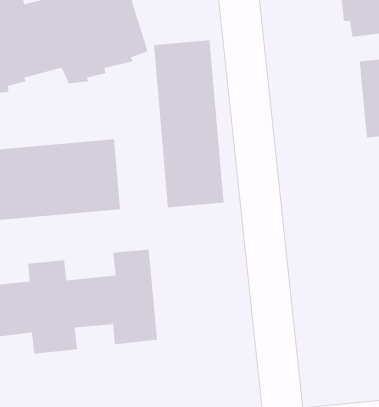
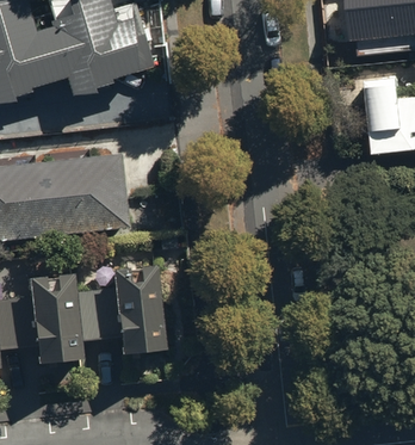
building: [153,39,224,208] -> none

